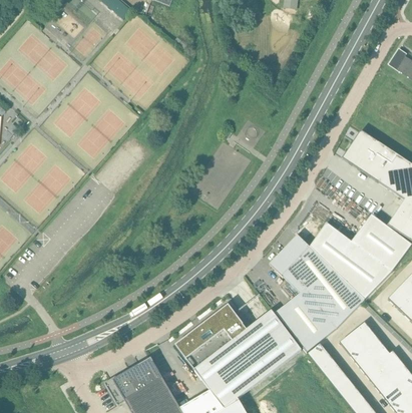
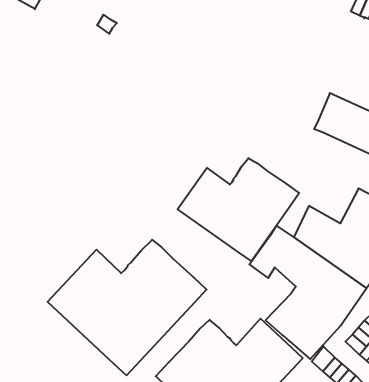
building: none -> [178,158,299,261]
building: none -> [48,240,207,375]

